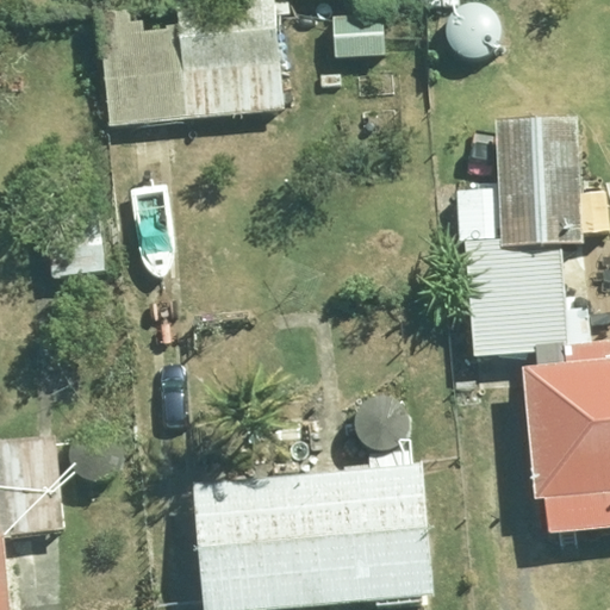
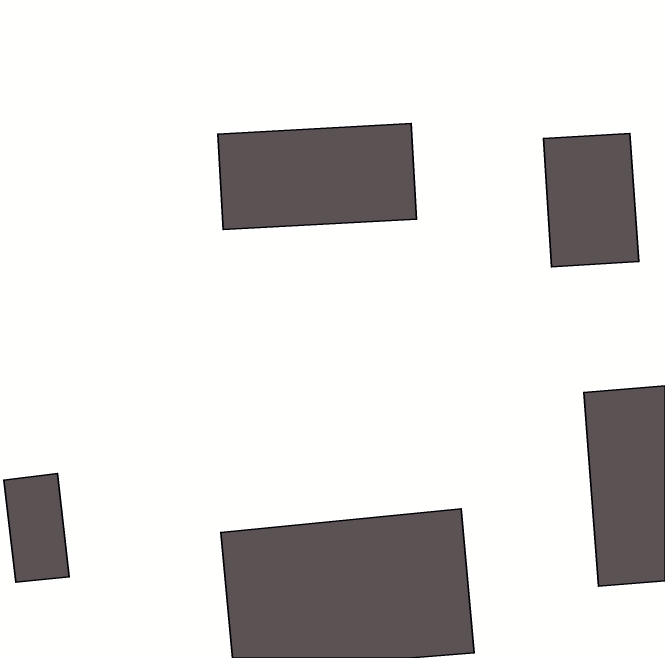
building: [100,21,281,118] -> [218,124,416,230]
building: [463,251,566,355] -> none

